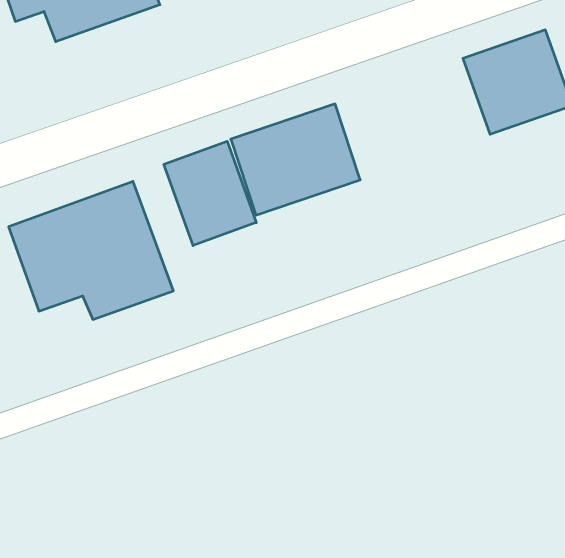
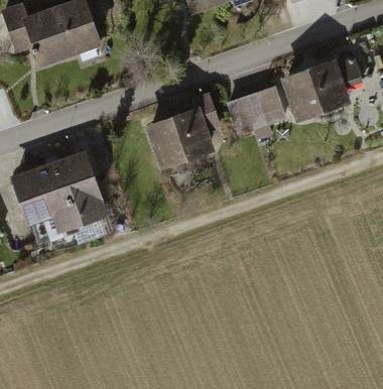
building: none -> [226,89,286,138]
building: [164,141,256,246] -> none

